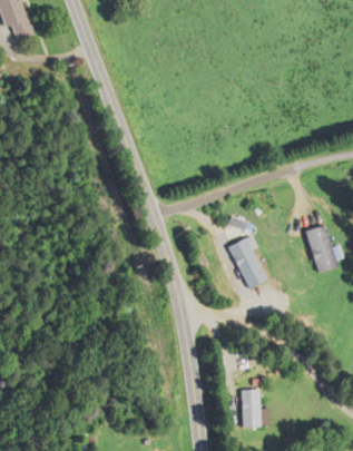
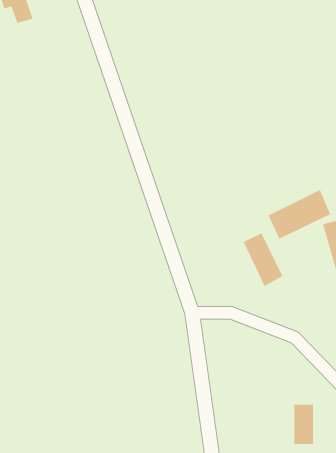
building: none -> [268,189,331,240]
building: [243,390,262,428] -> [294,404,314,444]

